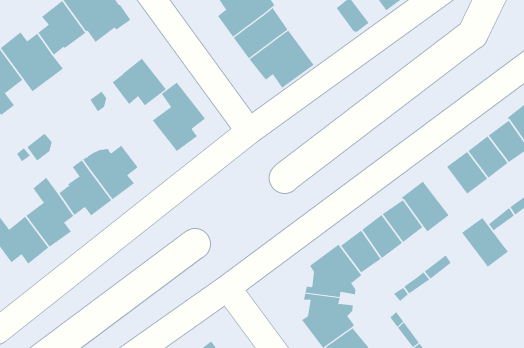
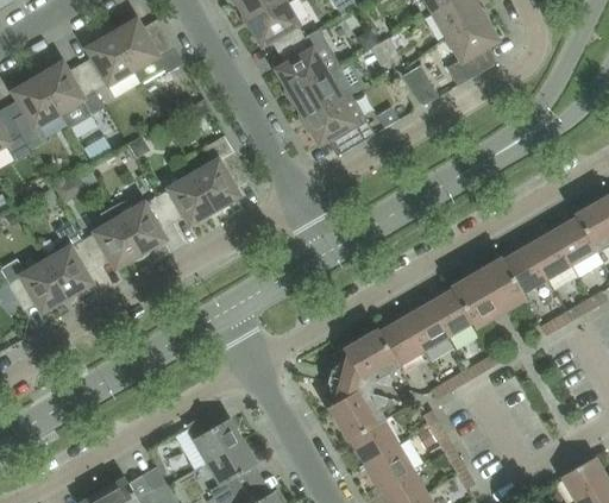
building: [112,58,167,106] -> [156,174,214,226]
building: [461,217,509,267] -> [476,258,525,313]

